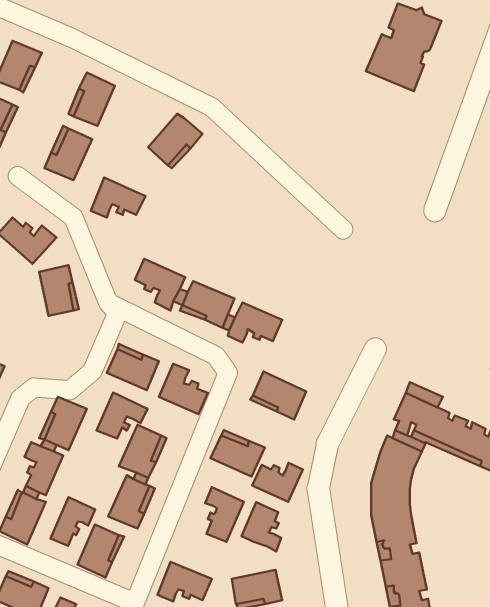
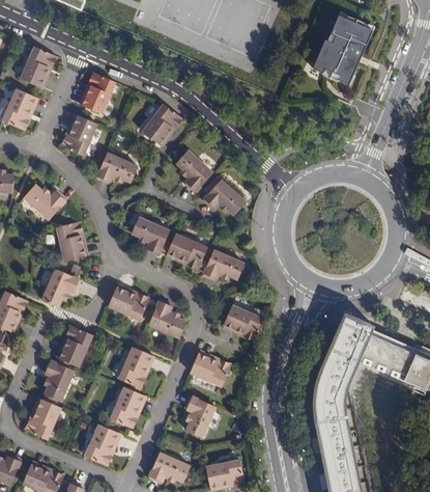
building: none -> [176,149,214,193]
building: none -> [199,175,242,212]
building: none -> [41,269,81,306]
building: [97,392,147,438] -> none
building: [252,463,303,502] -> none
building: [50,497,95,546] -> none
building: [241,502,281,552] -> none

